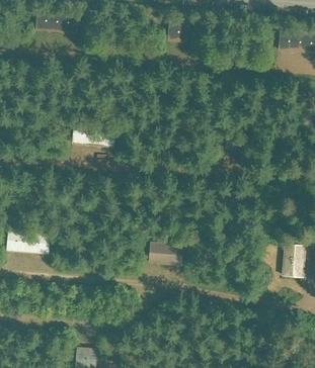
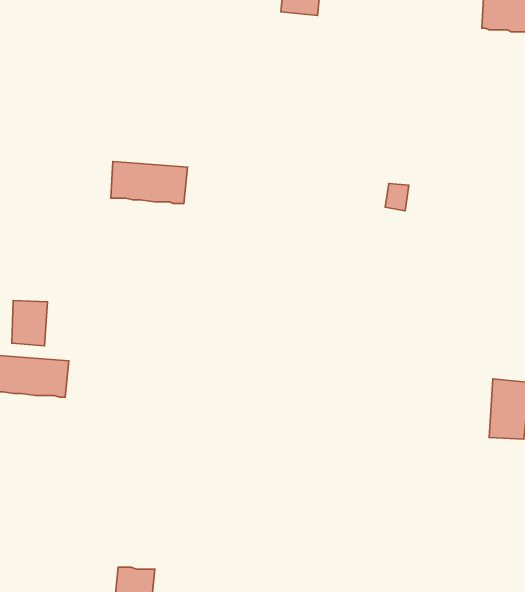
building: none -> [12,300,48,346]
building: [149,244,183,266] -> none

